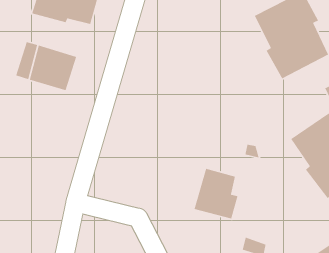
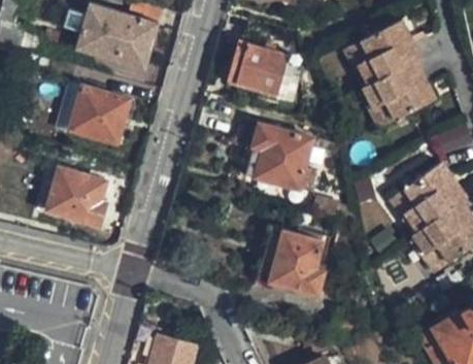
building: none -> [229,44,297,100]
building: none -> [246,128,314,190]
building: none -> [45,164,107,223]

